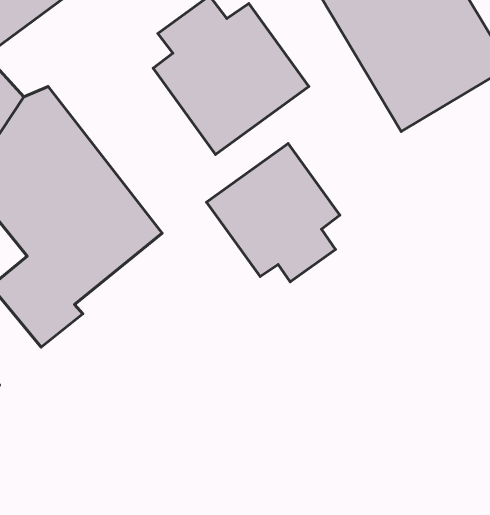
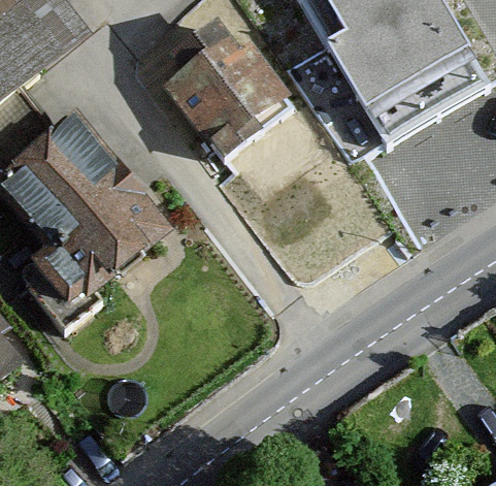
building: [206,143,340,282] -> none

